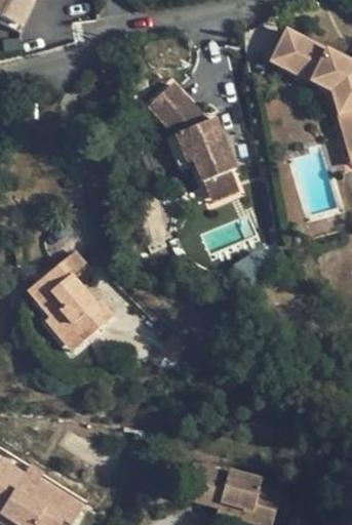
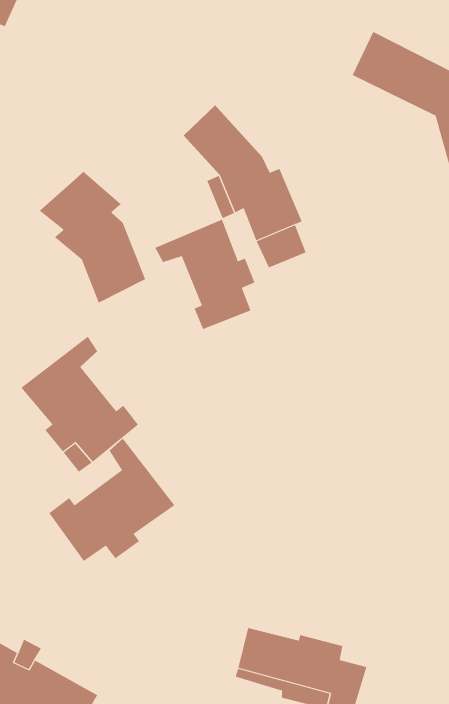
building: none -> [39,171,146,303]
building: none -> [155,219,255,330]
building: none -> [48,438,175,562]

